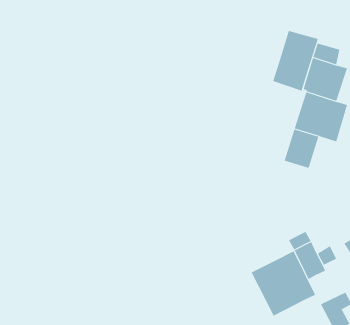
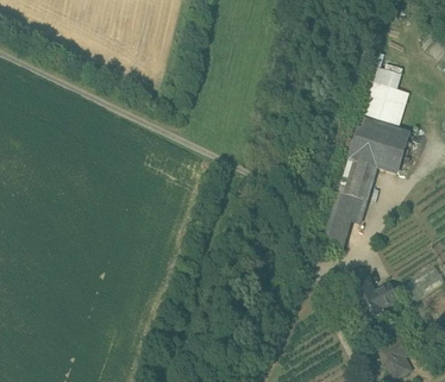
building: [273,30,318,91] -> none
building: none -> [324,192,366,246]
building: [251,251,316,317] -> none

